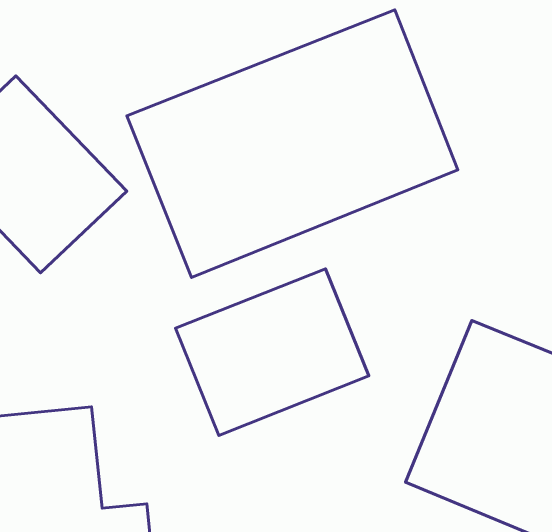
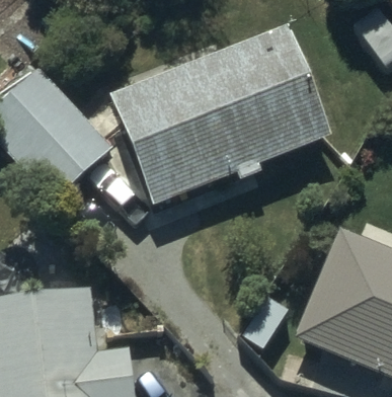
building: [175,269,369,435] -> none

